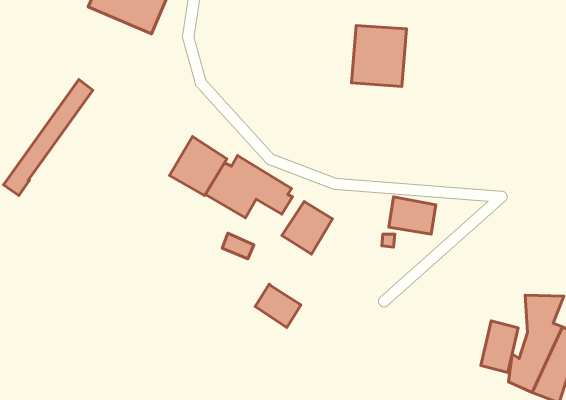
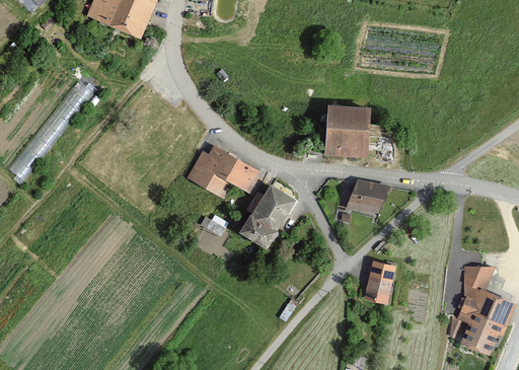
building: [351,25,407,86] -> [323,104,371,157]
building: [169,137,227,196] -> none
building: [255,284,301,328] -> [239,212,279,249]
building: [481,321,518,372] -> [364,261,396,305]

